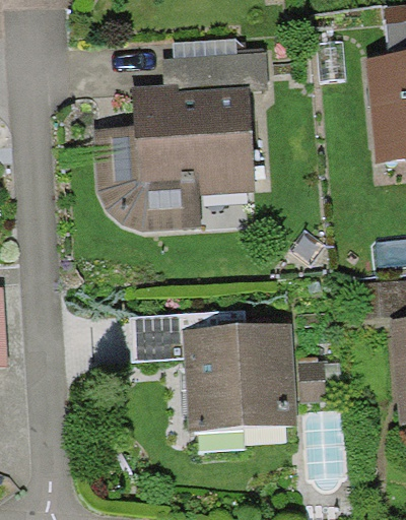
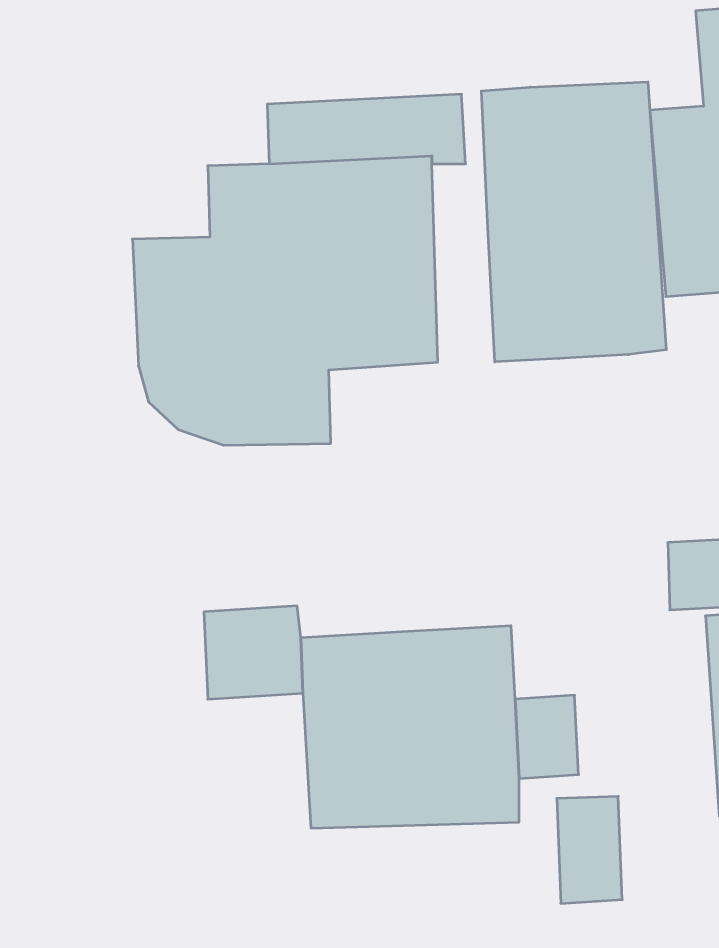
building: none -> [481,82,666,362]

